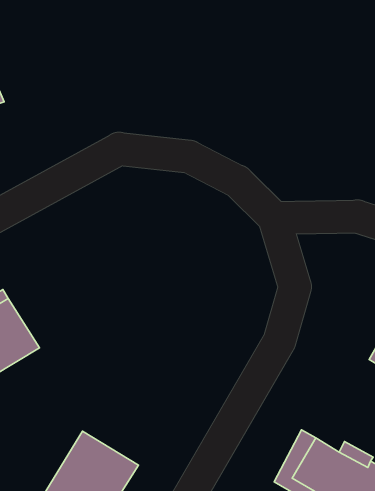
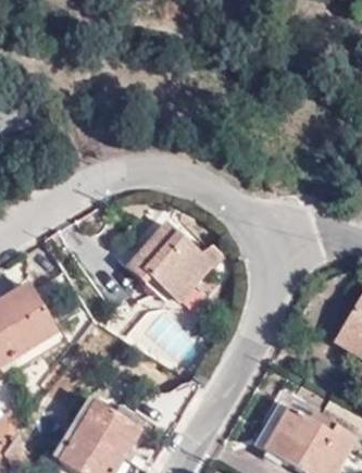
building: none -> [129,221,224,299]

